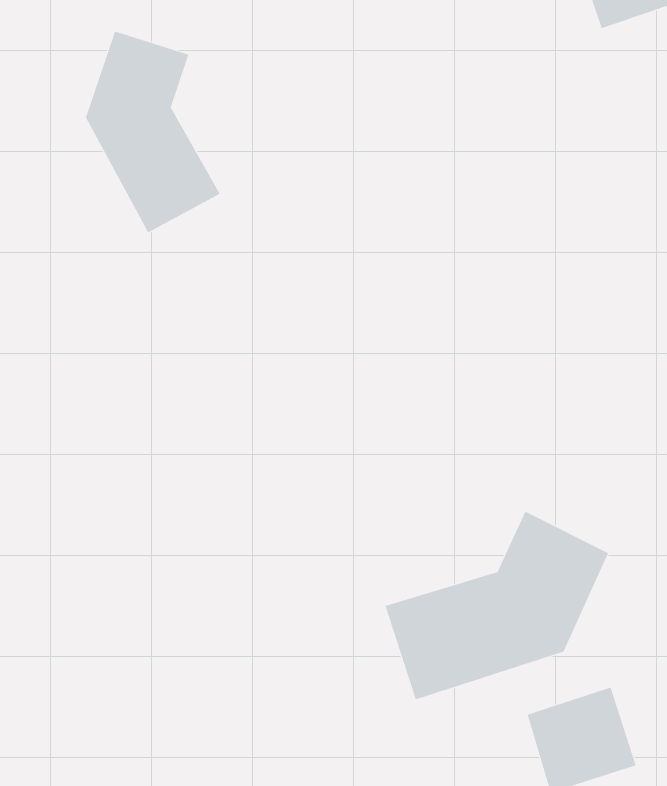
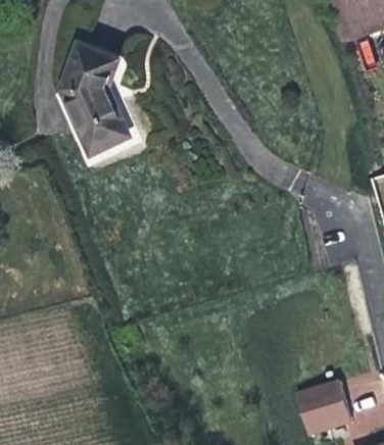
building: [385,511,609,700] -> none

